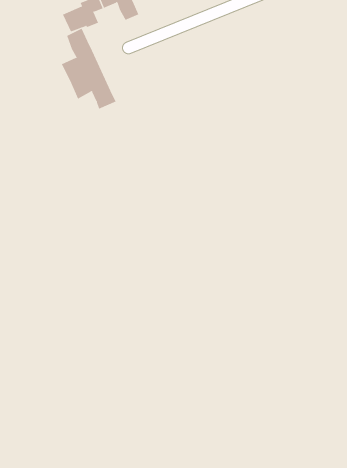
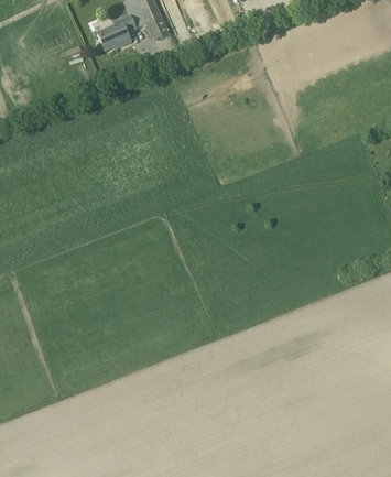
building: [61,28,116,110] -> none

